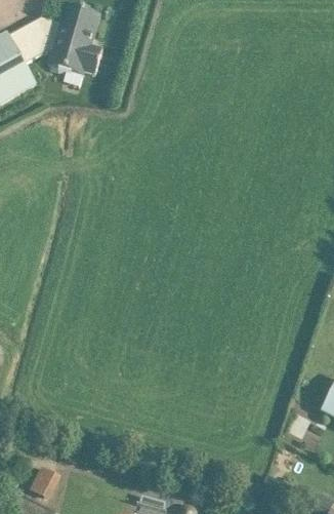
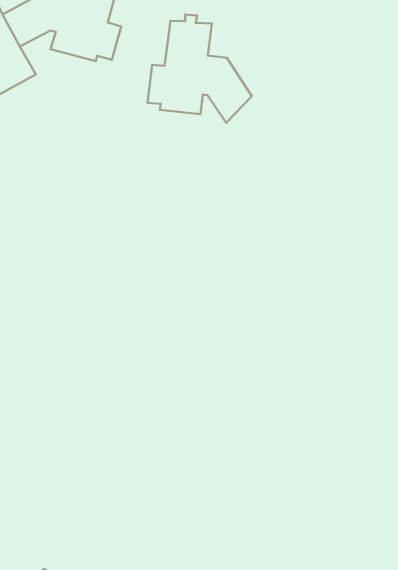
building: none -> [147,15,252,123]

